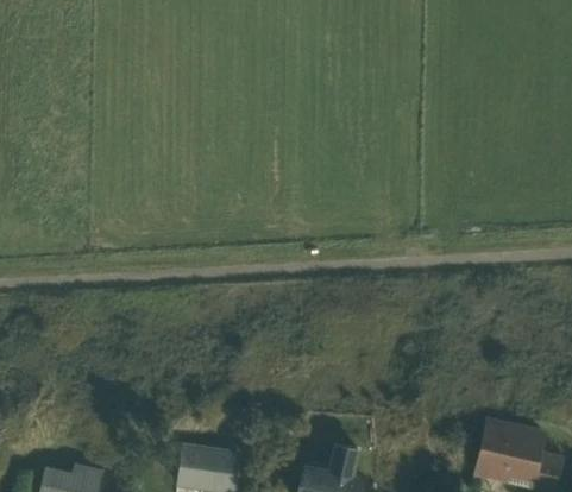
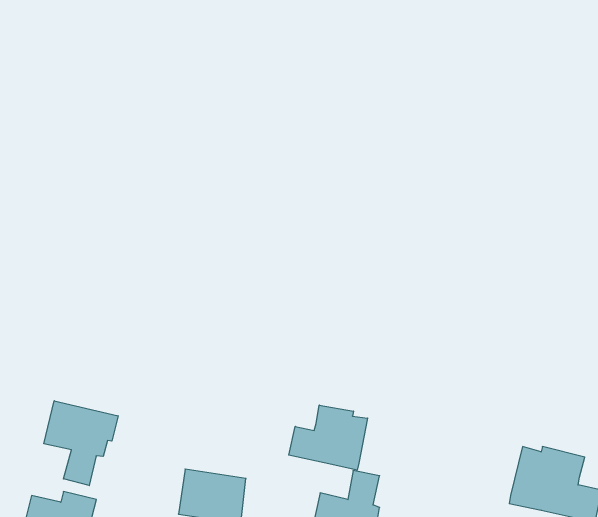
building: none -> [44,401,118,486]
building: none -> [289,405,368,470]

